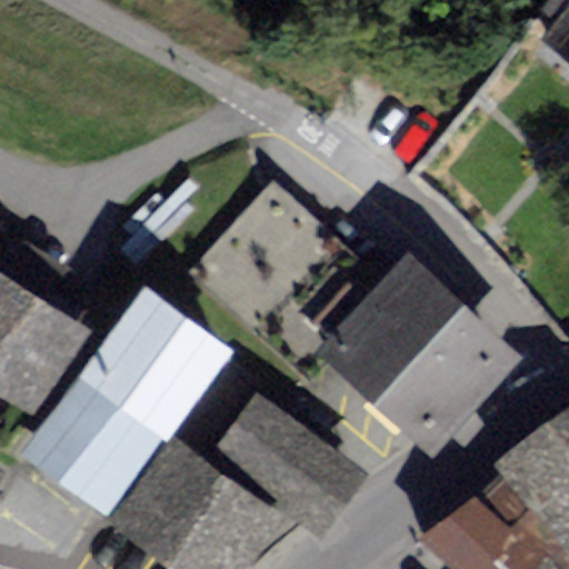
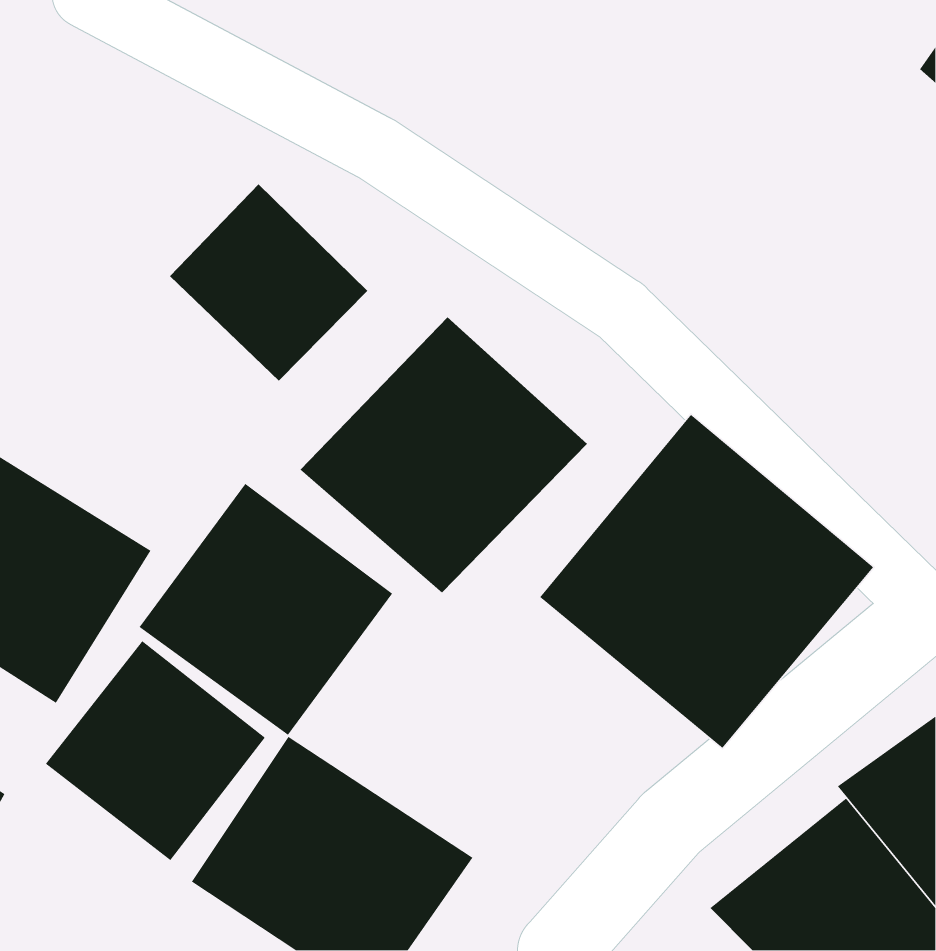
building: none -> [169,184,368,382]
building: [213,392,365,527] -> none

